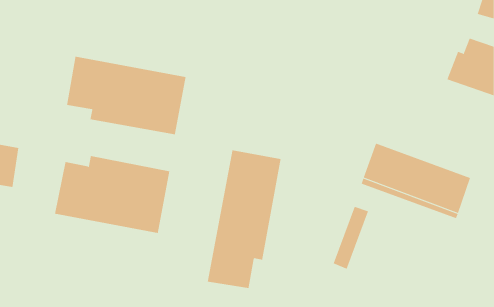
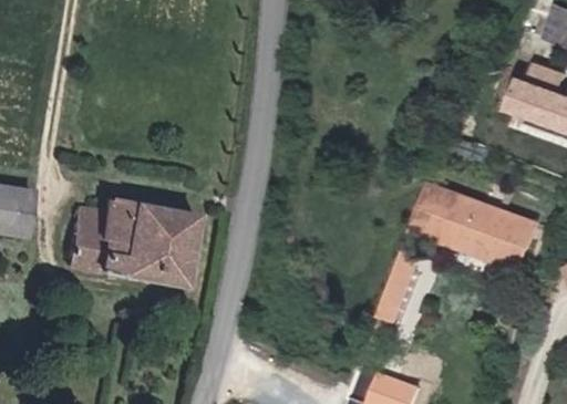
building: [67,56,186,135] -> none
building: [207,149,281,289] -> none

